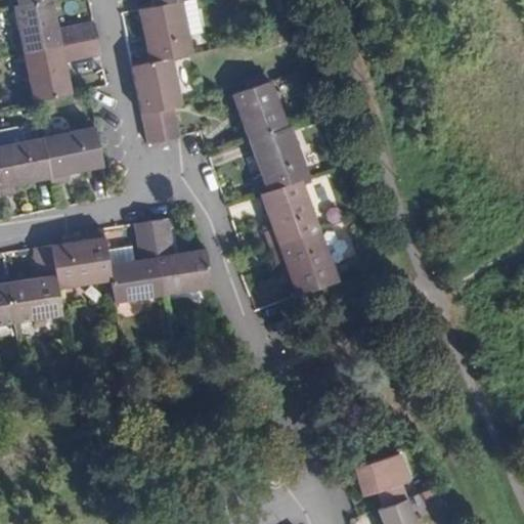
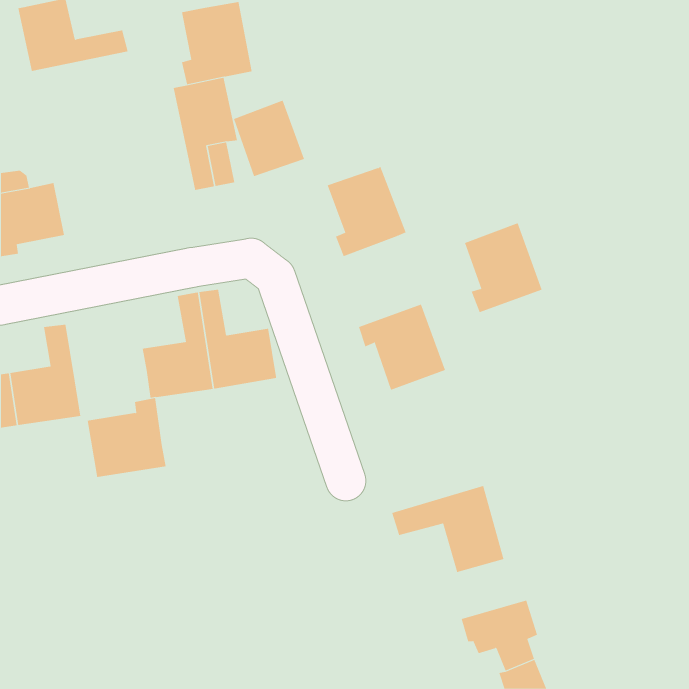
building: [25,39,101,101] -> none
building: [233,82,288,140] -> [233,100,305,177]
building: [42,127,103,184] -> none
building: [261,179,320,248] -> [464,222,542,313]
building: [51,228,112,289] -> [87,398,167,477]
building: none -> [392,485,504,573]

